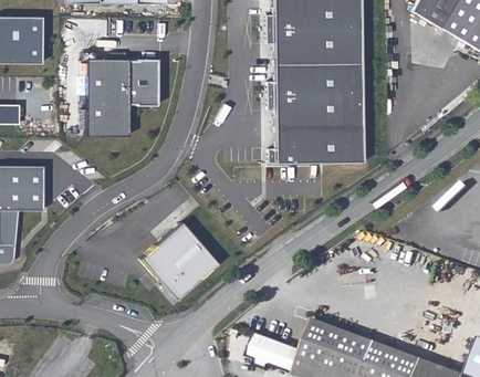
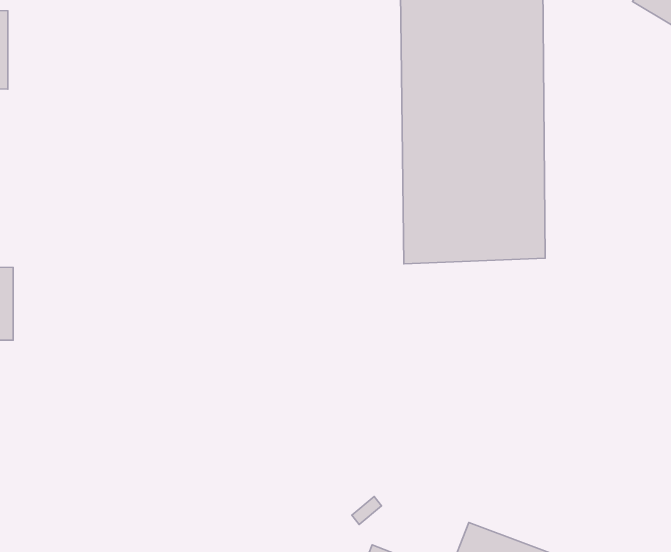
building: [91,60,161,136] -> none
building: [140,222,218,300] -> none

